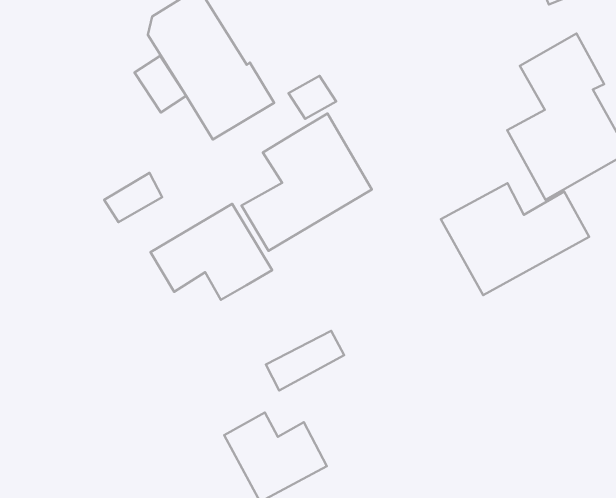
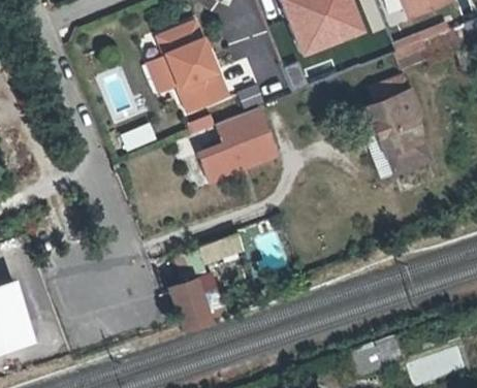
building: [441,183,589,295] -> none
building: [151,204,272,300] -> none

